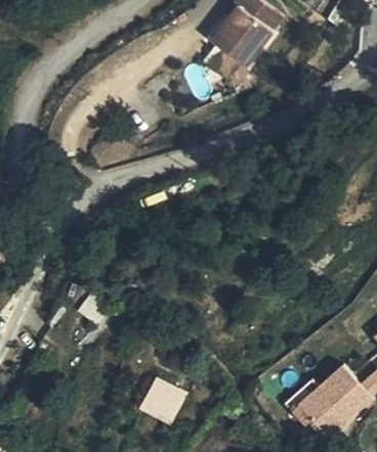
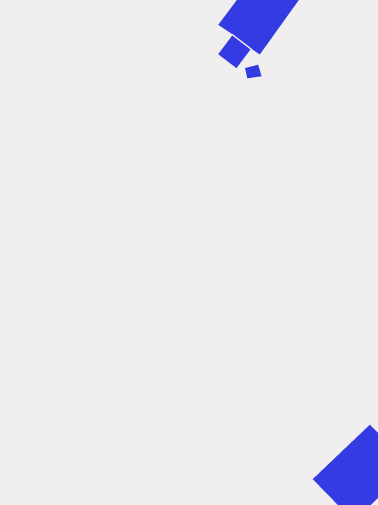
building: [138,377,185,424] -> none

